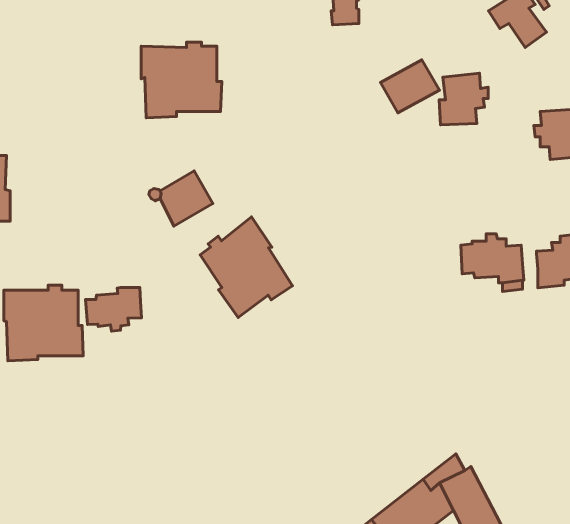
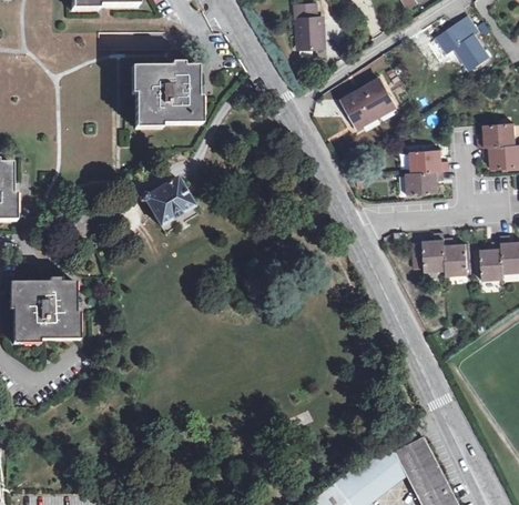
building: [439,73,488,125] -> [406,148,449,193]
building: [200,217,292,317] -> none
building: [86,287,142,331] -> none

